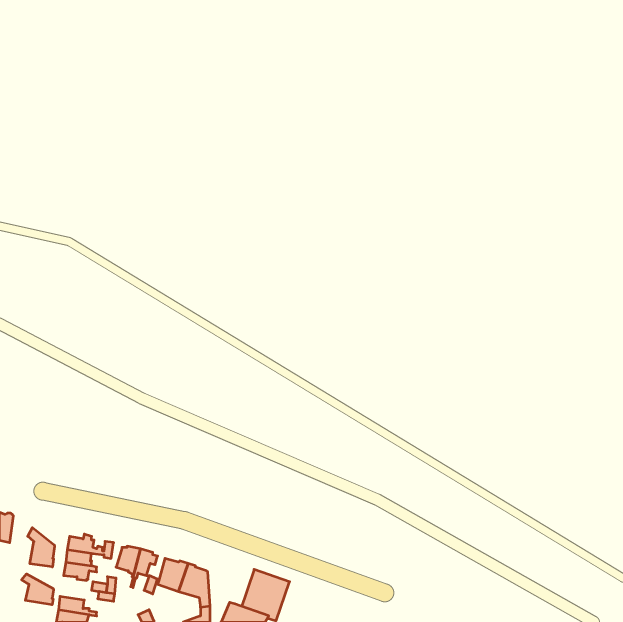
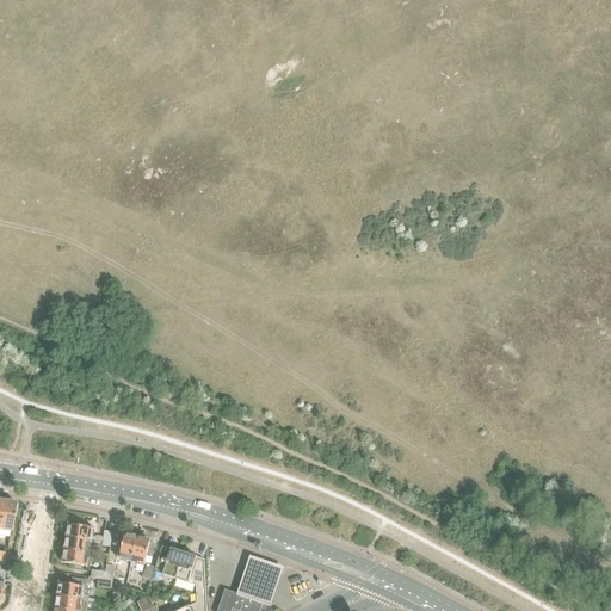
building: [28,528,55,567] -> none
building: [22,574,54,605] -> none

